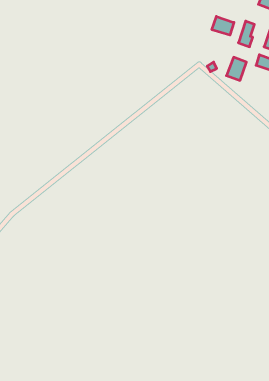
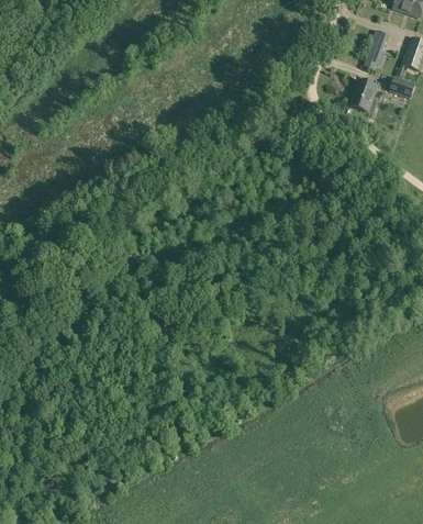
building: [212,16,234,35] -> none

